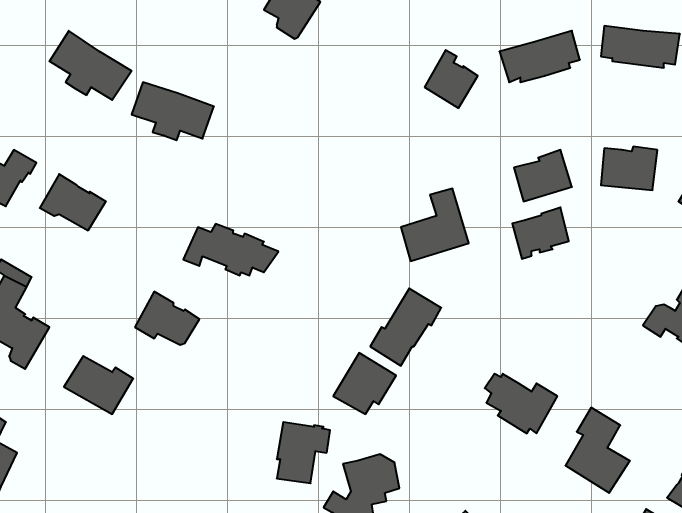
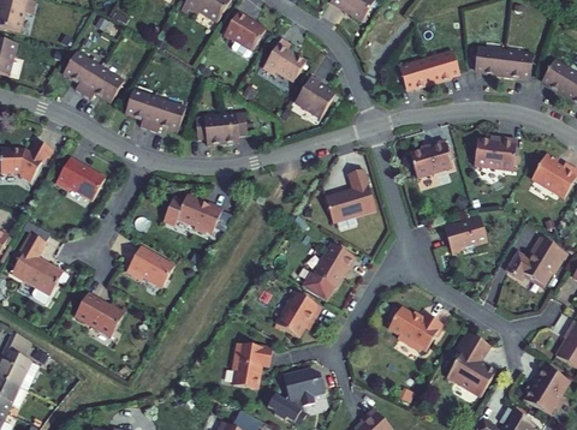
building: none -> [262,38,305,80]
building: [425,50,478,108] -> [295,74,334,118]
building: none -> [195,112,246,144]
building: [512,207,569,259] -> [444,216,486,255]

